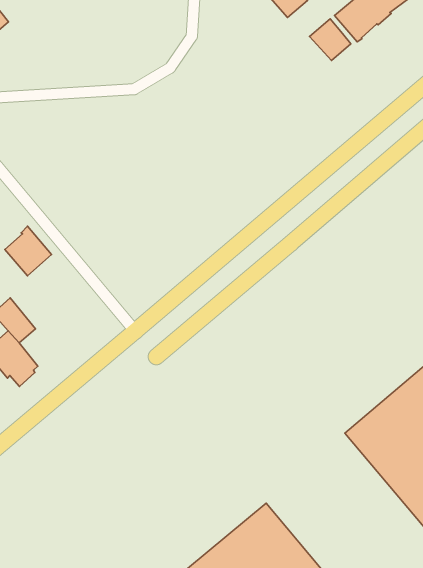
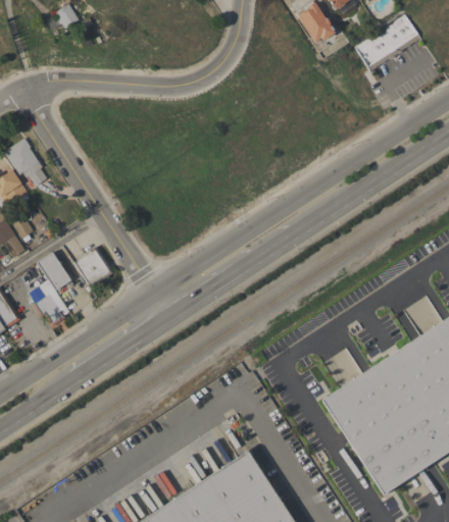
building: [309,19,351,60] -> none
building: [5,226,52,276] -> [74,246,113,288]

